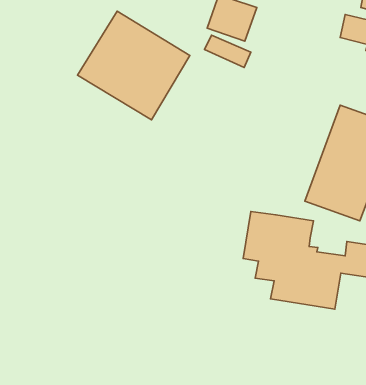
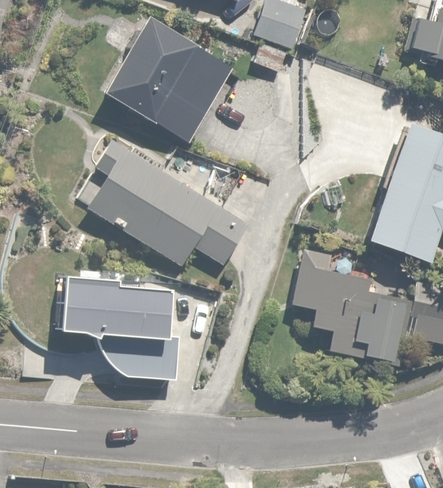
building: none -> [87,141,245,266]
building: none -> [61,274,179,377]

